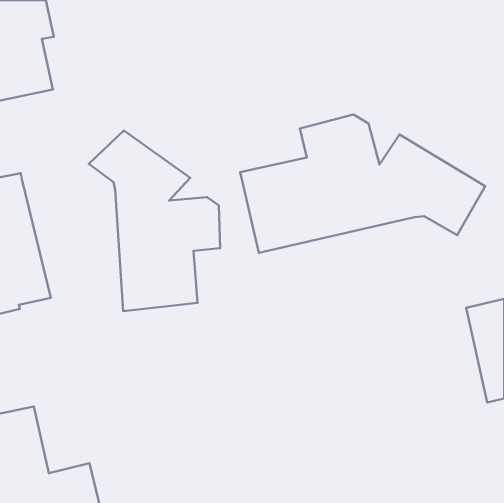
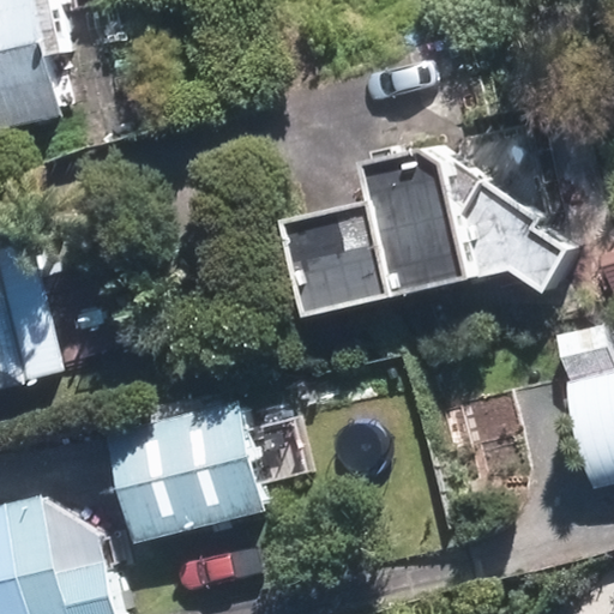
building: [89,130,220,311] -> none
building: none -> [114,409,267,544]

